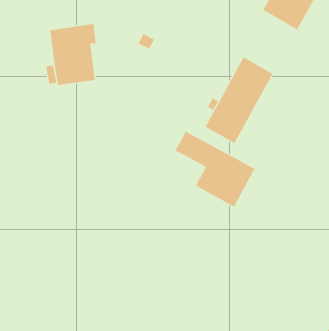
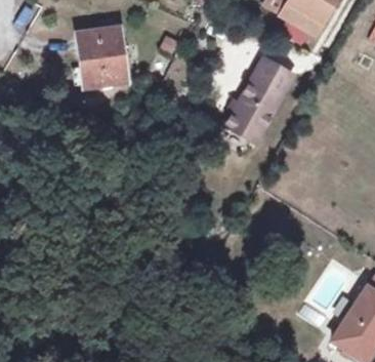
building: [175,131,255,208] -> none

